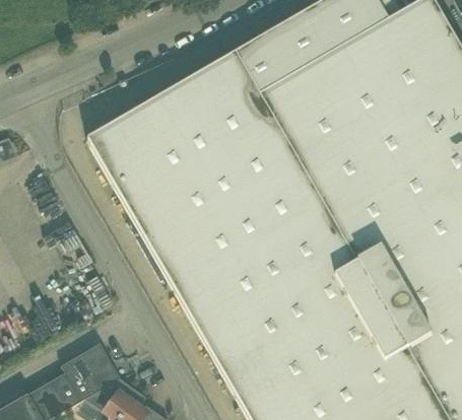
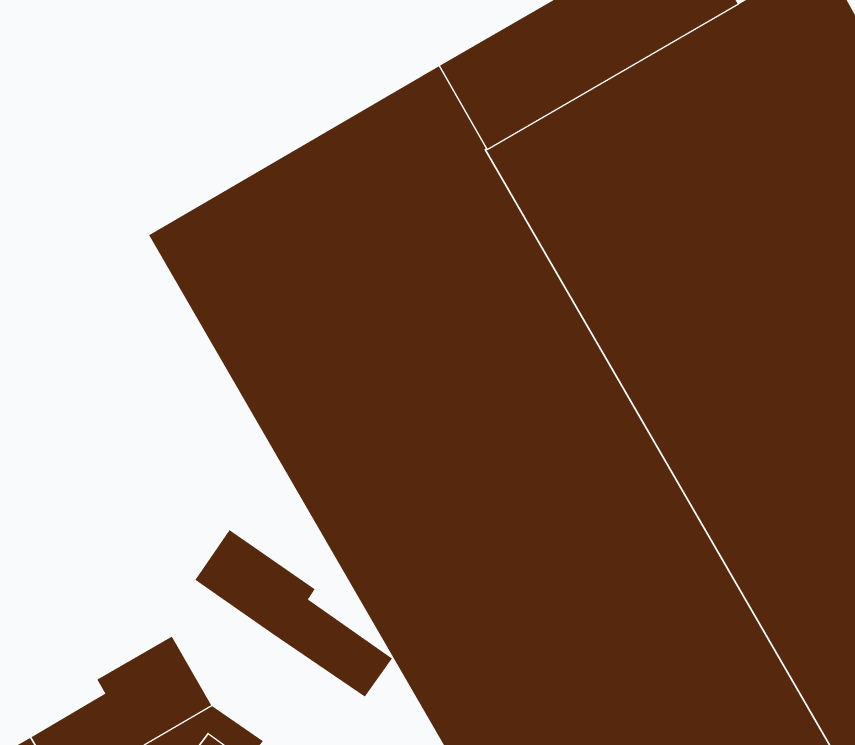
building: none -> [195,529,393,697]

